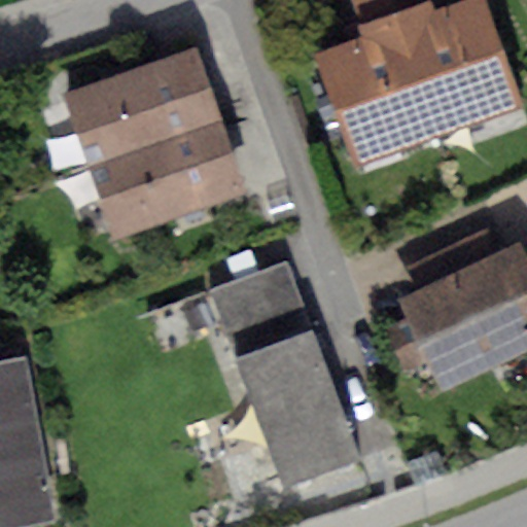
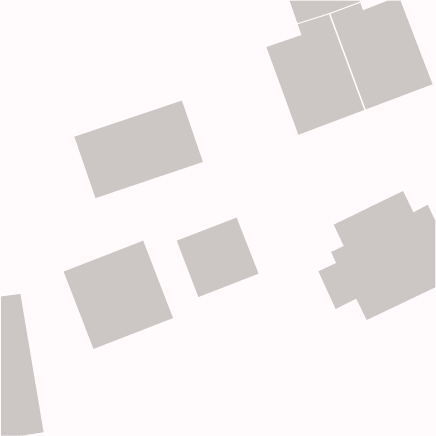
building: [64,47,220,165] -> none
building: none -> [63,240,174,350]
building: [239,330,359,483] -> none

